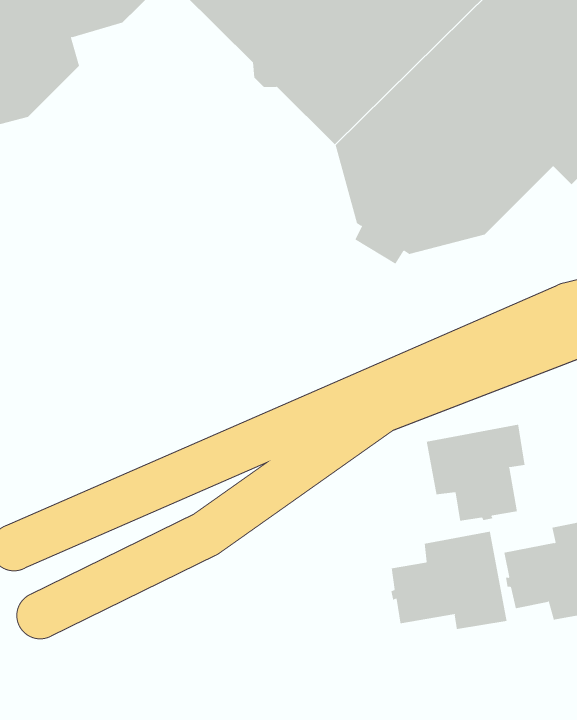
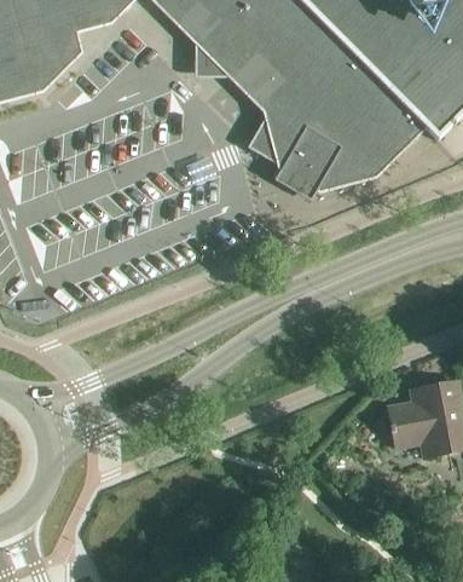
building: [426,424,525,522] -> none
building: [391,531,507,630] -> none

